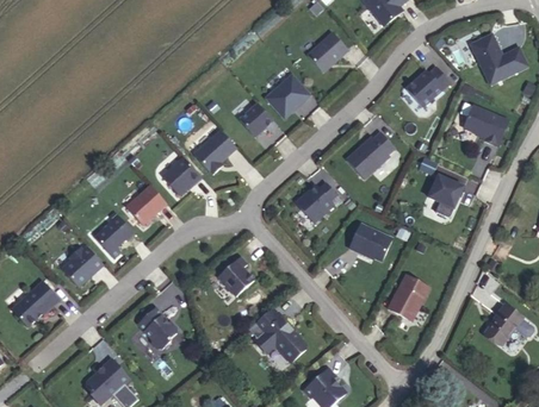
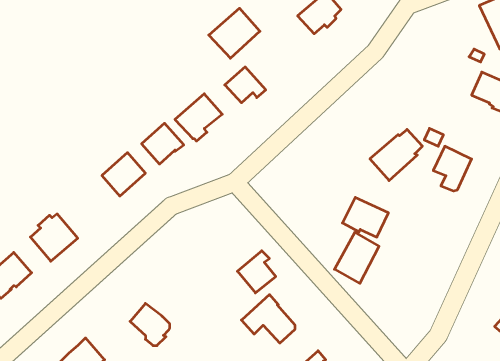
building: [403,65,447,107] -> none
building: [267,74,315,120] -> [209,8,260,58]
building: [342,131,391,179] -> [370,129,422,181]
building: [291,181,333,221] -> none
building: [91,212,131,253] -> none
building: [215,252,250,292] -> [237,251,276,293]
building: [383,273,425,320] -> [334,232,379,283]

